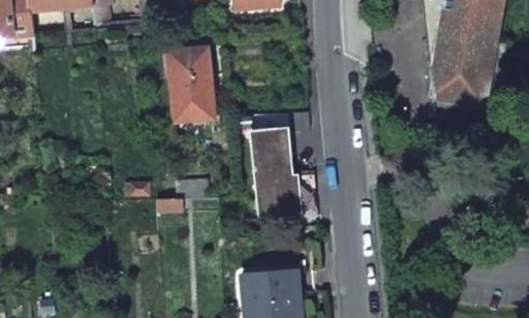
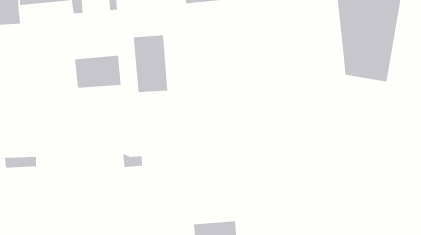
building: none -> [75,55,121,88]
building: [250,129,299,215] -> none

